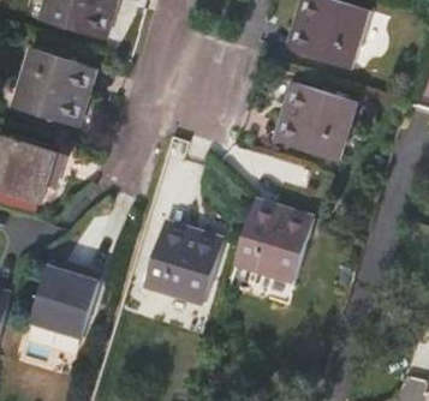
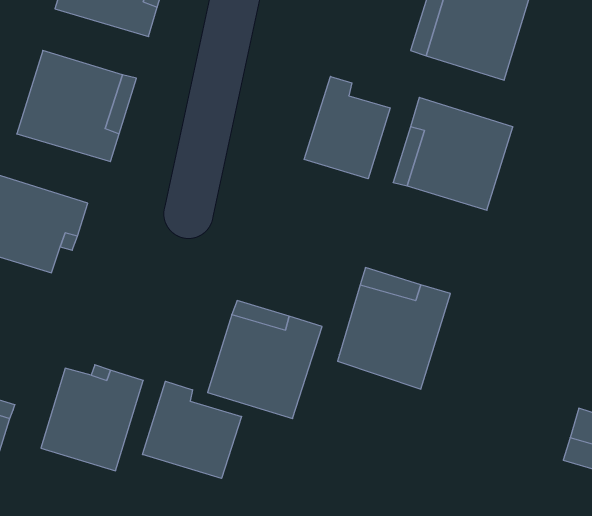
building: none -> [304,76,390,179]
building: none -> [143,381,242,478]

